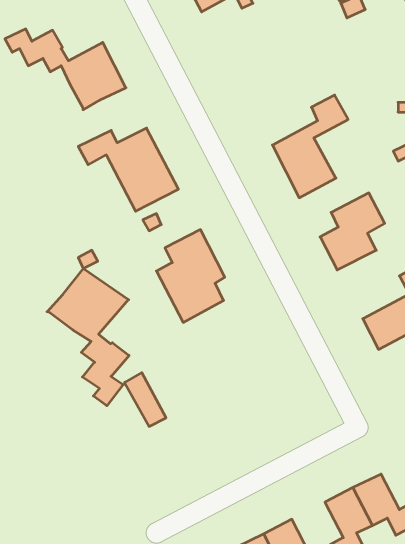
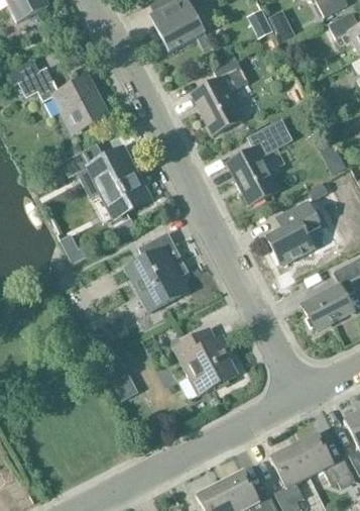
building: none -> [191,56,248,134]
building: [47,268,129,406] -> none
building: none -> [173,328,236,394]

